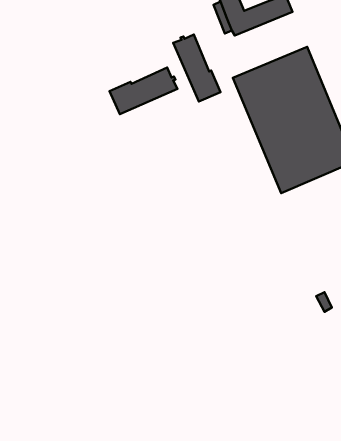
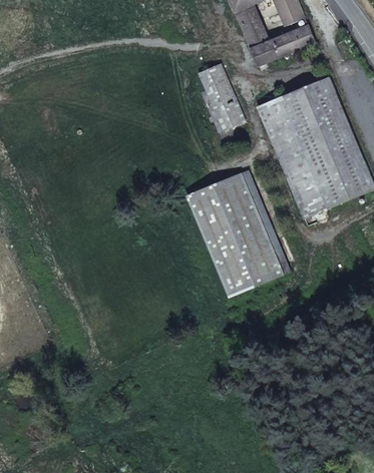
building: [110,67,177,114] -> none
building: none -> [190,169,289,296]

